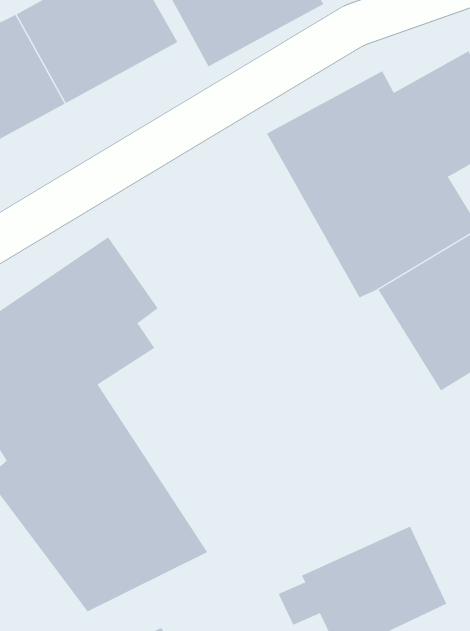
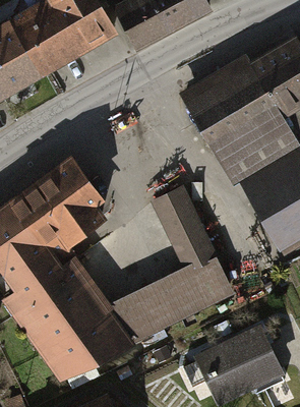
building: none -> [112,187,238,346]

